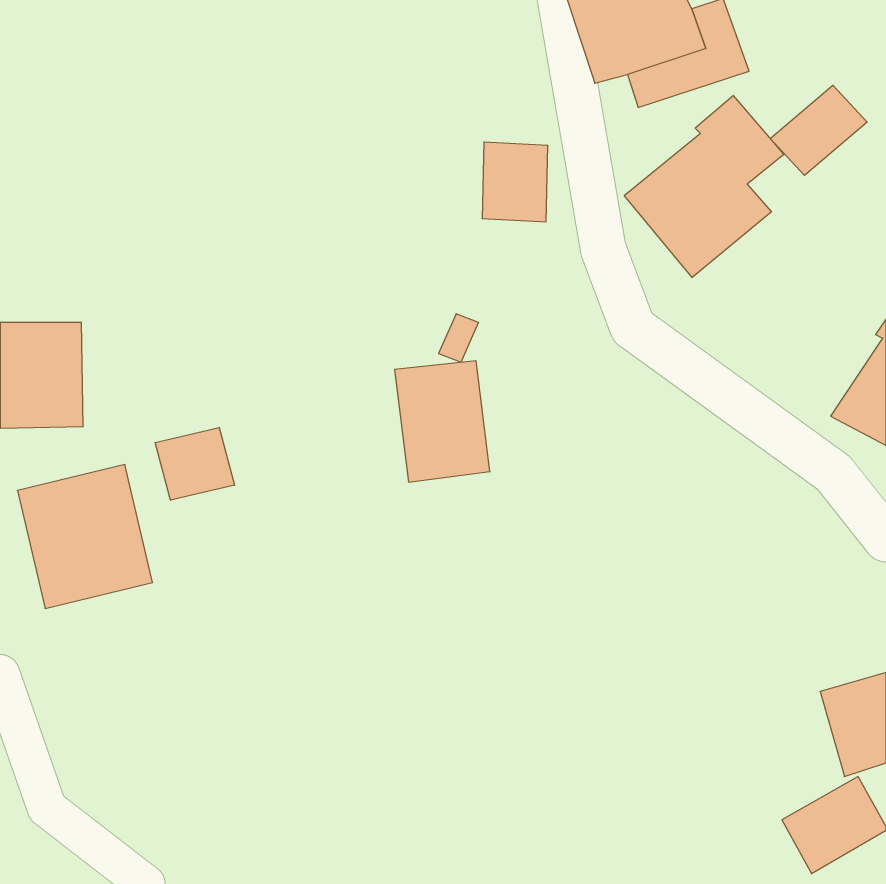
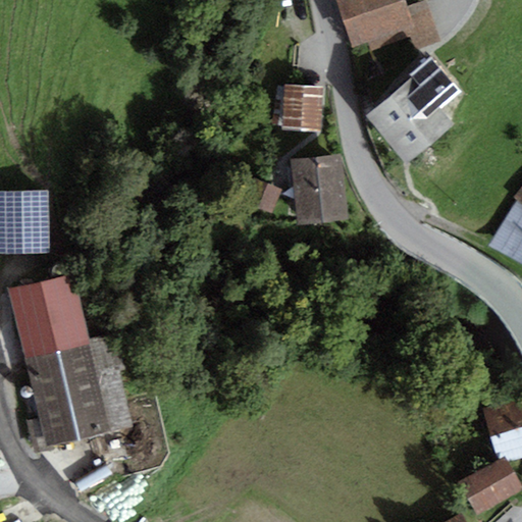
building: [770,85,867,175] -> none
building: [395,361,490,482] -> [292,155,348,226]
building: [155,427,235,500] -> none
building: none -> [27,337,133,448]

